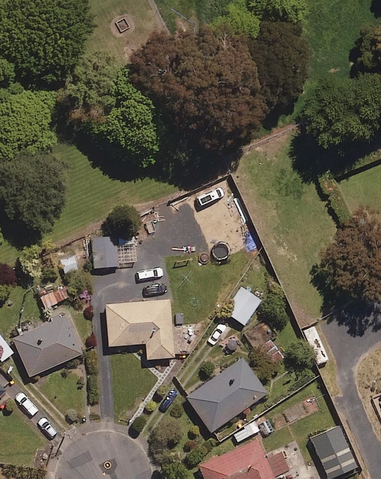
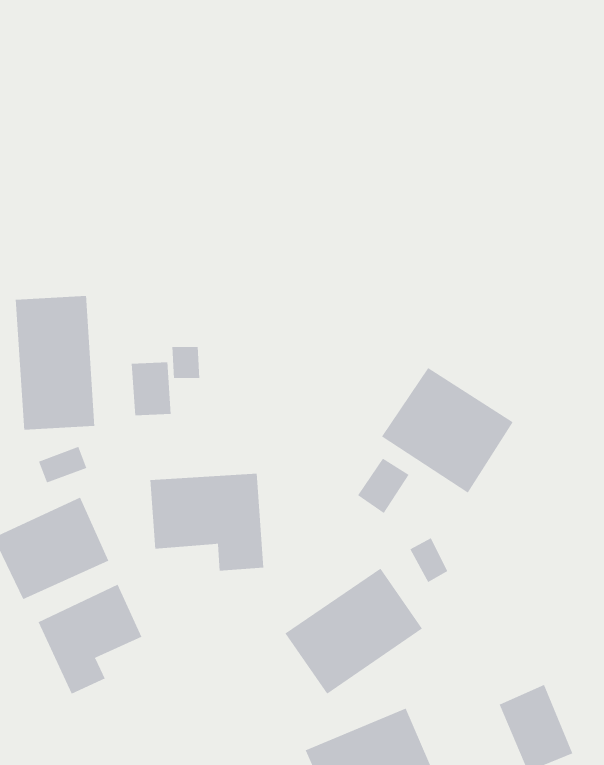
building: none -> [15,295,95,430]
building: none -> [381,367,514,493]
building: none -> [38,584,142,694]

